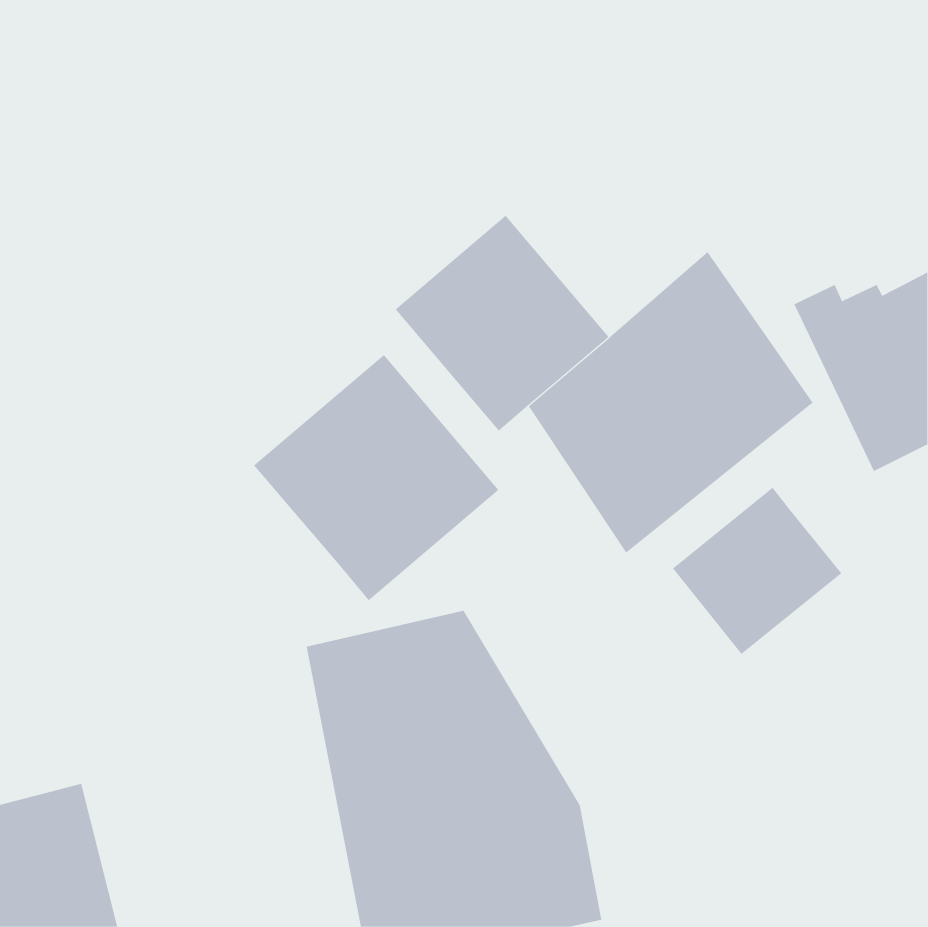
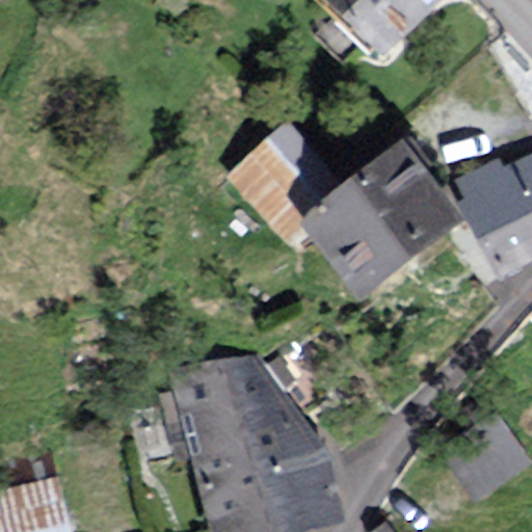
building: [253,354,499,601] -> none
building: [672,487,842,655] -> none

